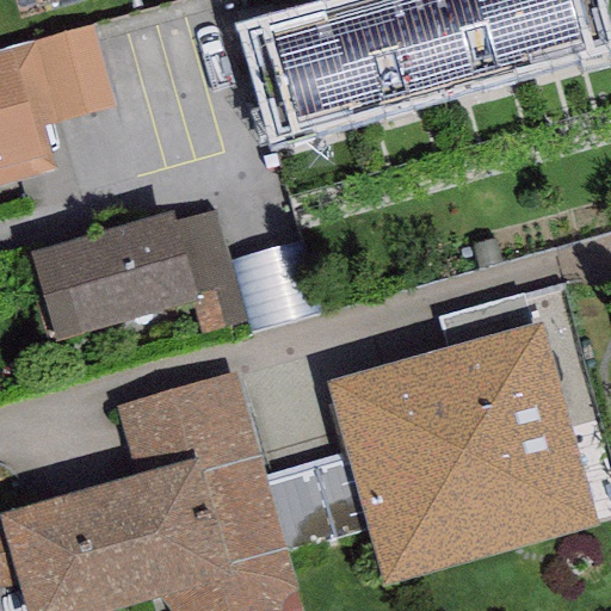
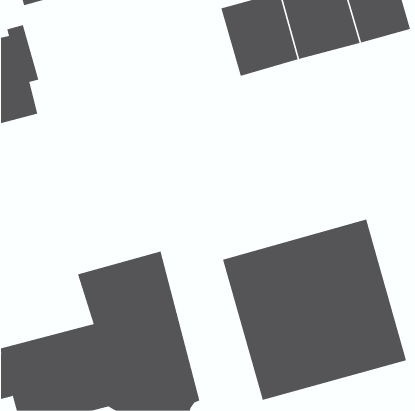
building: [251,12,353,132] -> none
building: [36,21,115,117] -> none
building: [30,209,202,341] -> none

